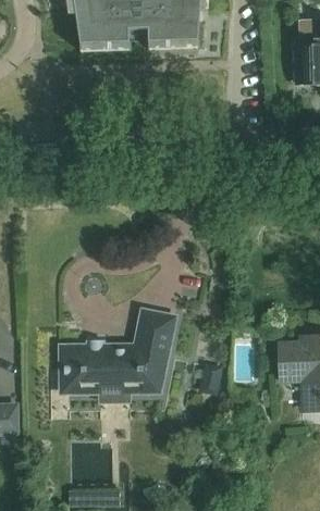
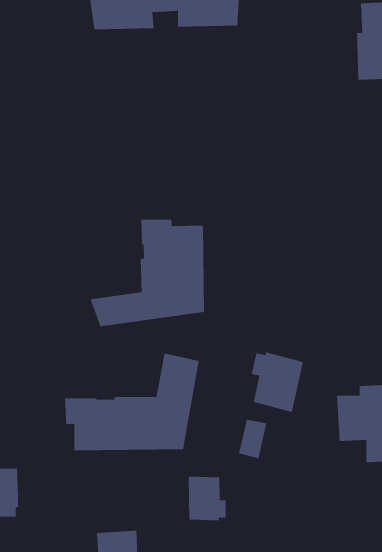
building: none -> [90,219,204,327]
building: none -> [251,352,303,413]
building: none -> [188,476,226,521]

